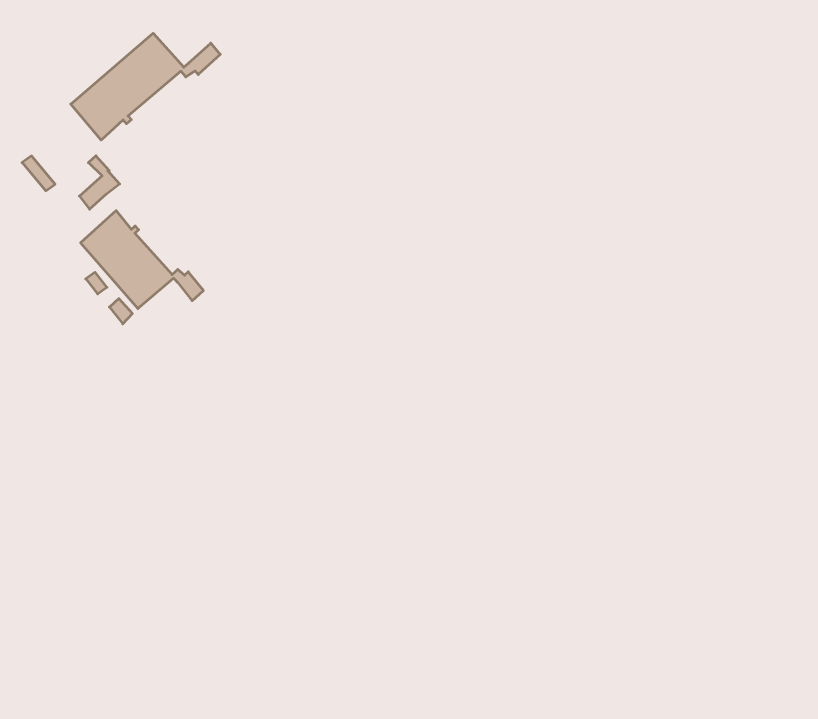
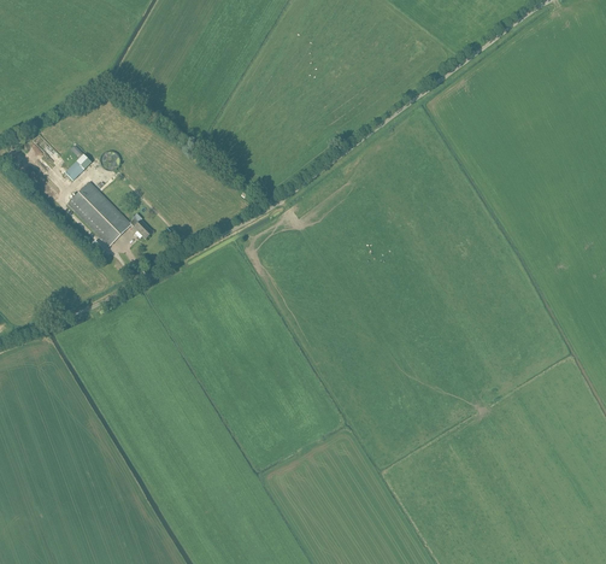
building: [71,33,220,140] -> none

